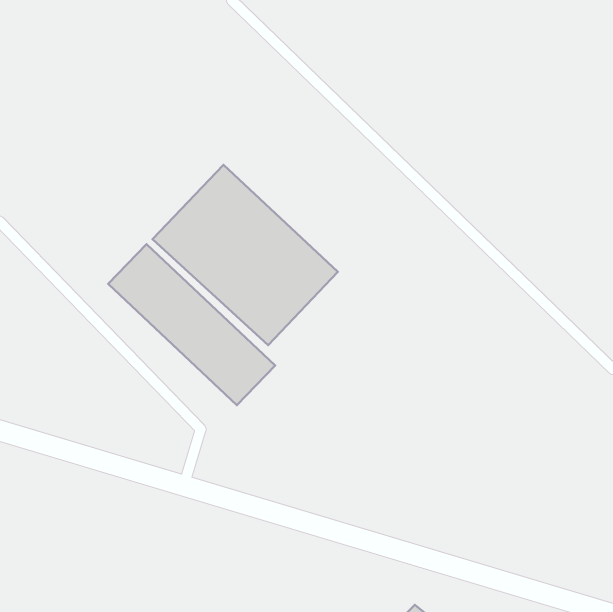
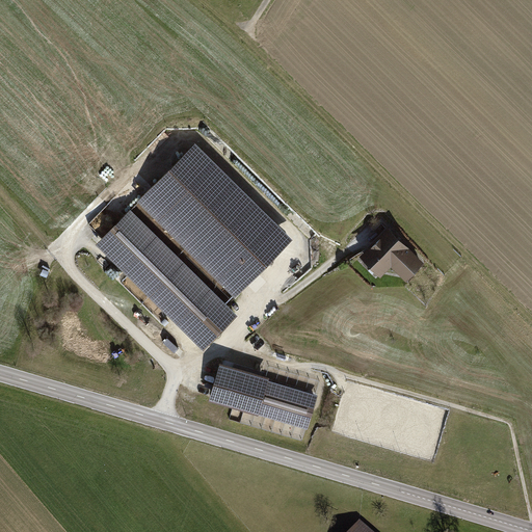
building: none -> [362,230,424,282]
building: none -> [206,362,316,429]

